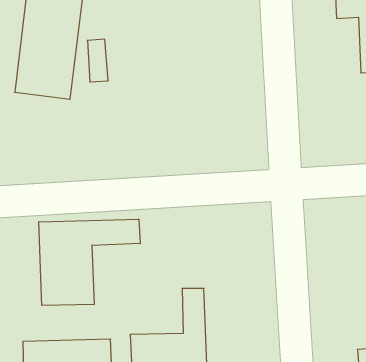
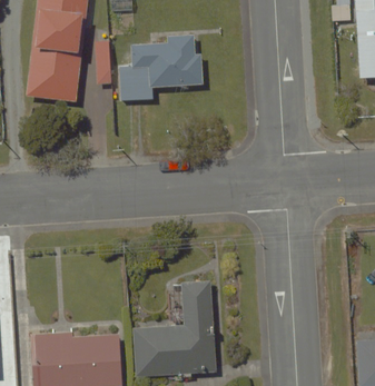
building: none -> [119,32,203,100]
building: [39,219,140,305] -> none

